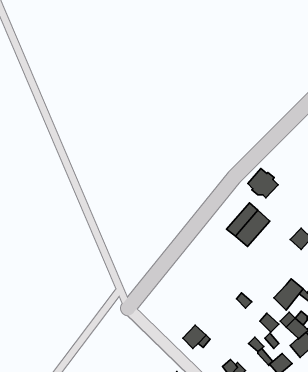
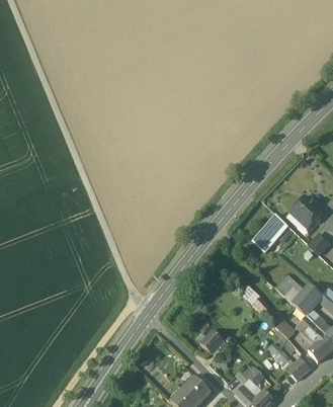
building: [248,169,278,198] -> [292,196,322,226]
building: none -> [276,274,305,303]

